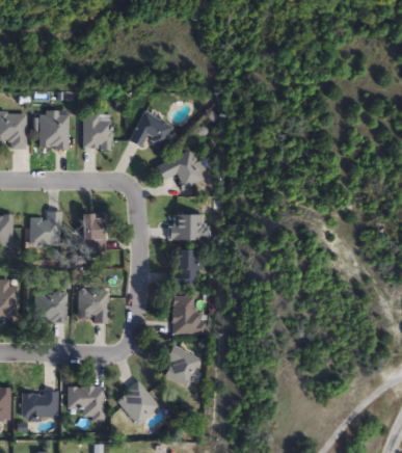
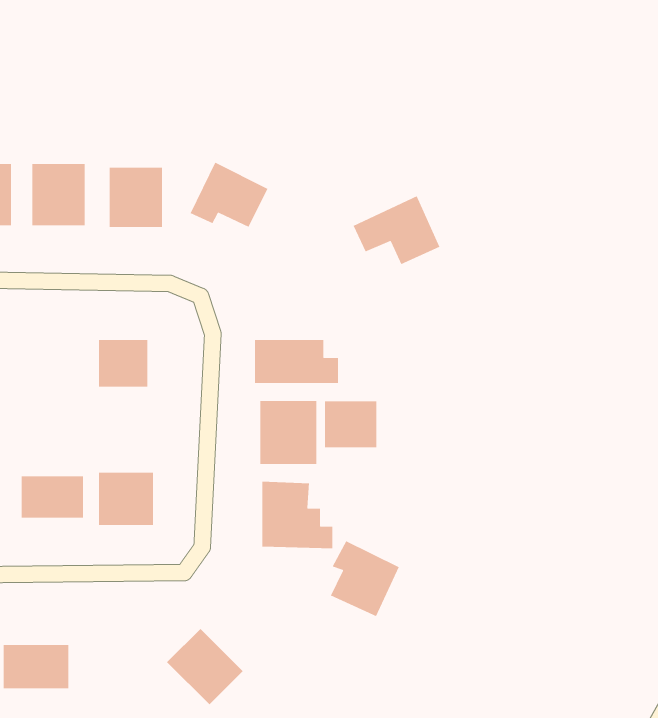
building: [156,149,207,189] -> [352,195,440,265]
building: [29,215,59,243] -> none
building: none -> [324,400,377,448]
building: [162,343,203,388] -> [330,540,400,617]
building: [66,384,107,419] -> none

